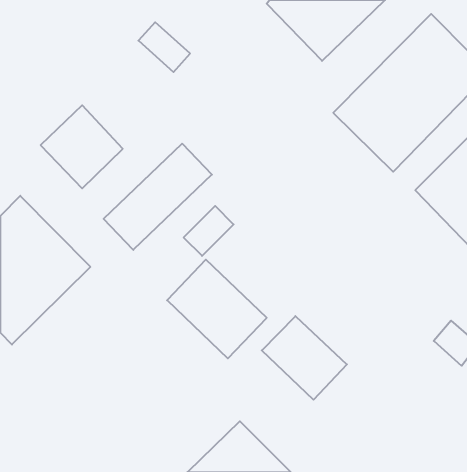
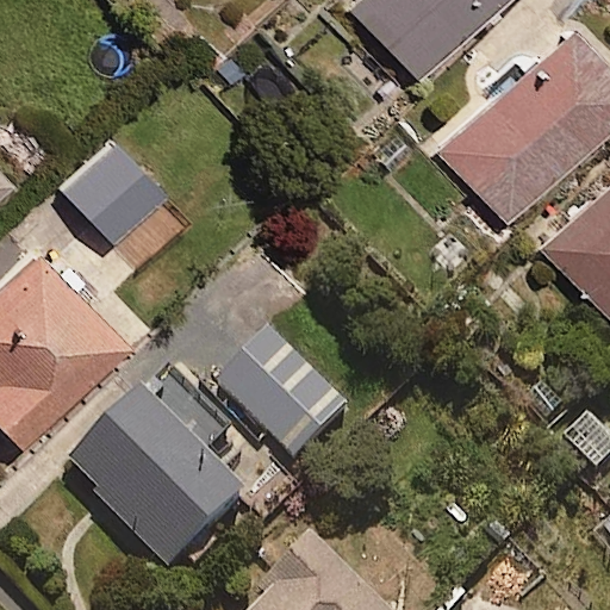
building: [104,144,212,250] -> none
building: none -> [73,398,243,571]
building: [262,316,347,400] -> none

